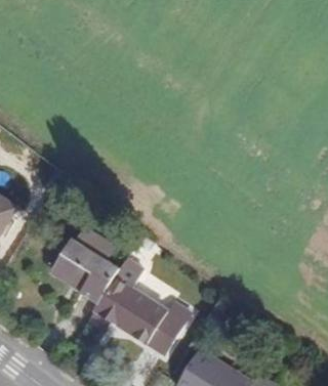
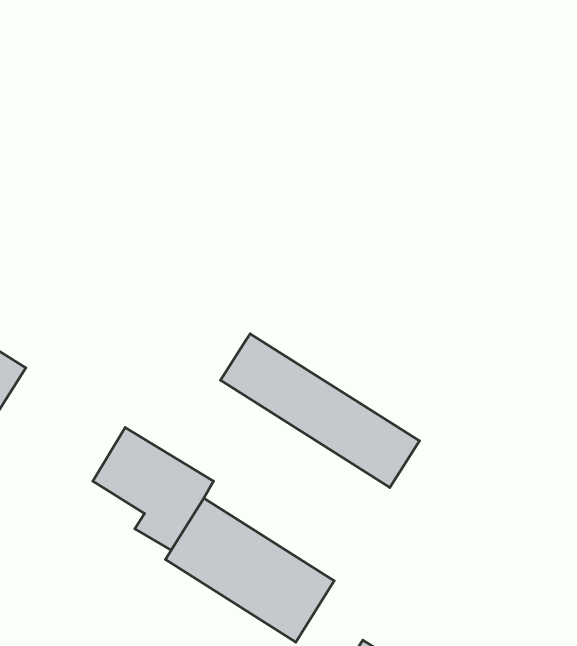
building: none -> [220,334,420,487]

